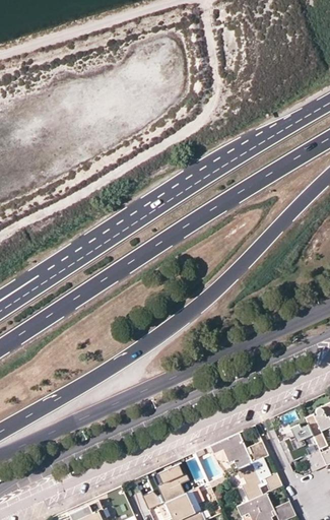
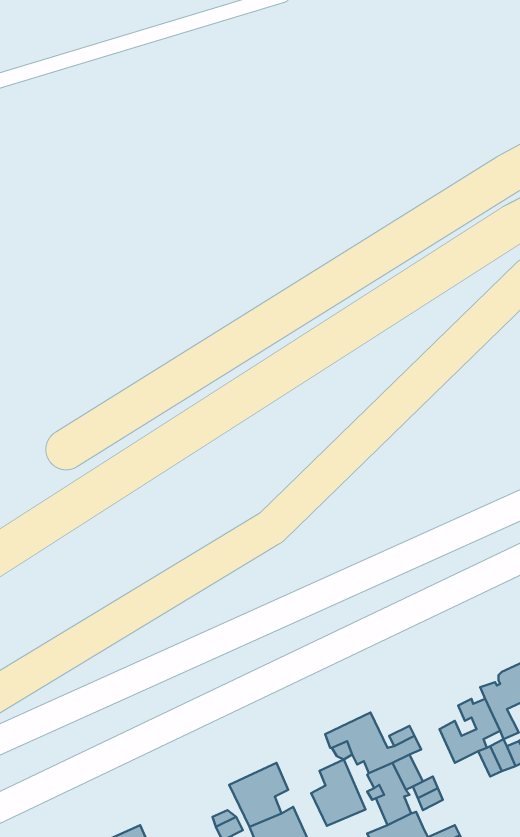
building: none -> [311,760,366,826]

